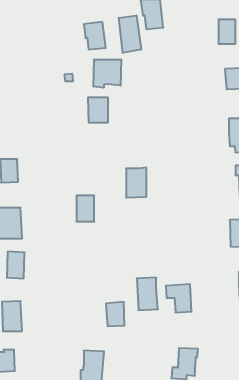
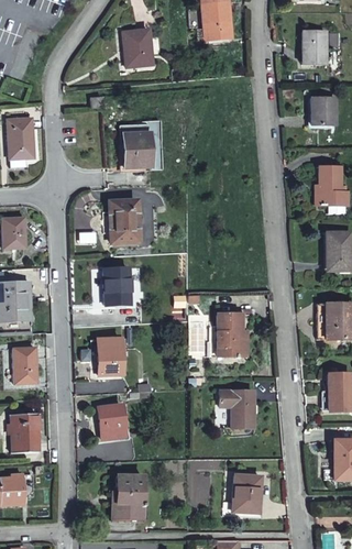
building: [119,15,141,53] -> none
building: [93,59,121,88] -> none
building: none -> [9,116,33,156]
building: [126,168,146,198] -> [113,201,141,242]
building: none -> [99,337,124,371]
building: [137,278,158,310] -> [222,311,251,355]
building: [106,302,125,326] -> [100,407,125,440]

